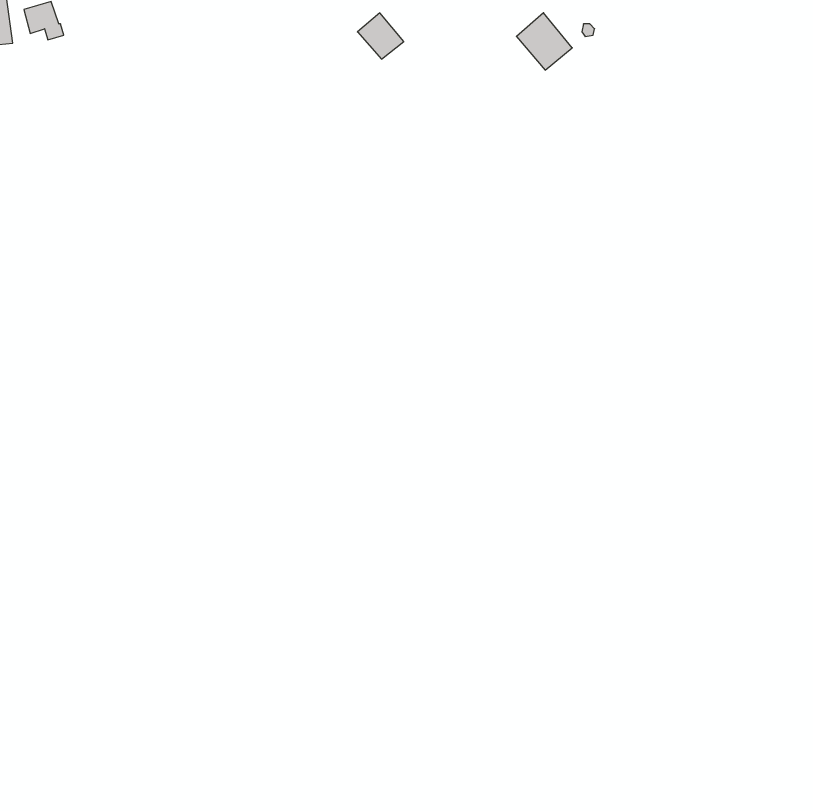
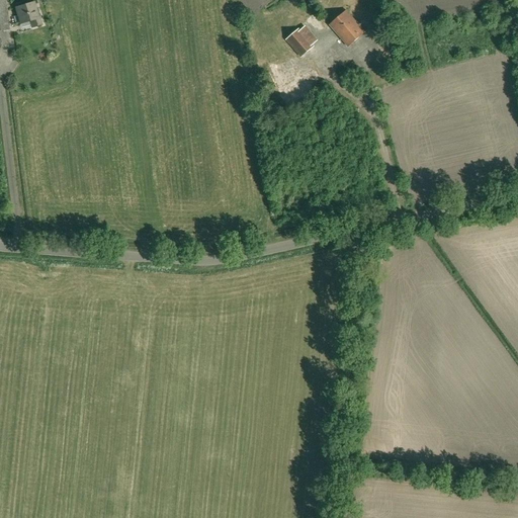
building: [357,13,404,59] -> [284,26,314,56]

